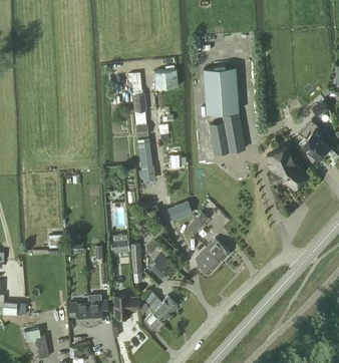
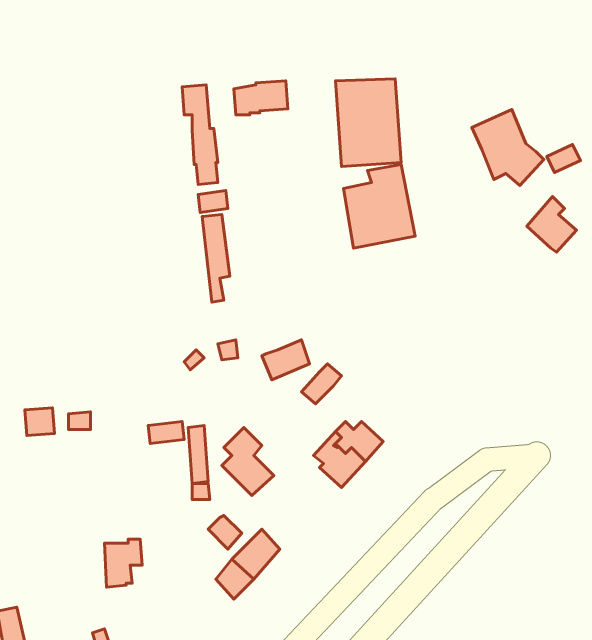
building: [267,147,303,186] -> [472,110,544,185]
building: [113,295,138,318] -> none
building: [69,302,89,326] -> none

